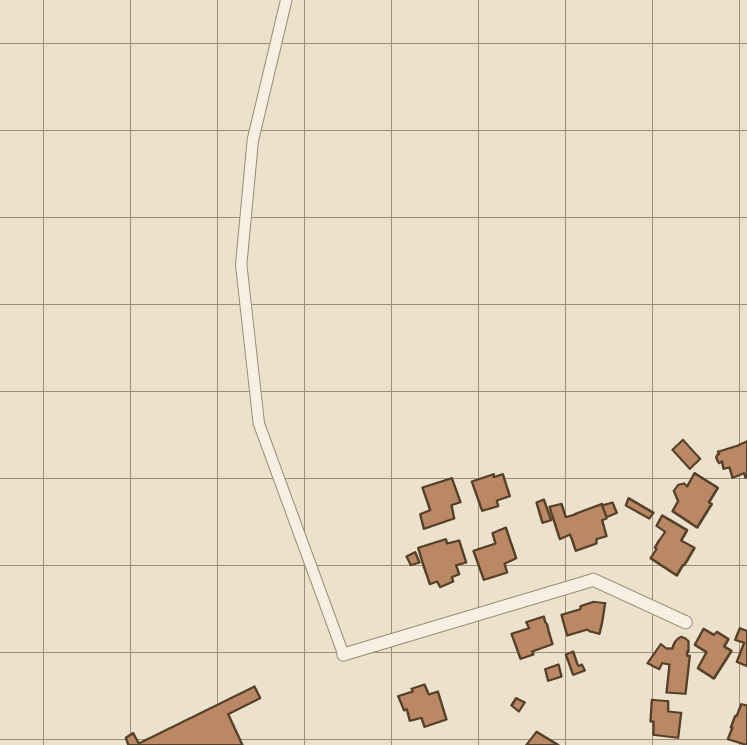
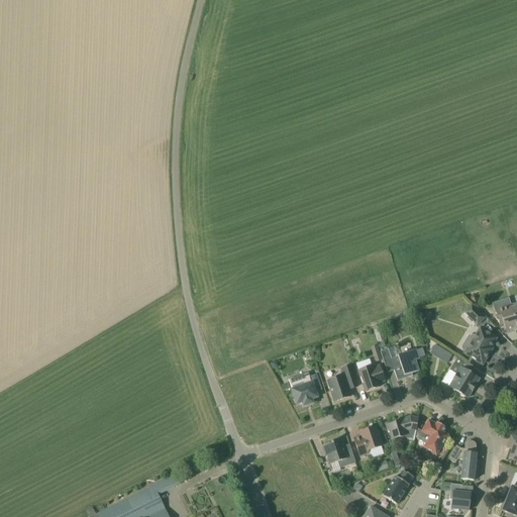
building: [472,474,510,511] -> [357,366,384,391]
building: [420,478,460,529] -> none
building: [695,629,731,679] -> [422,420,447,454]
building: none -> [383,470,413,504]
building: [398,684,446,727] -> [322,438,355,468]

